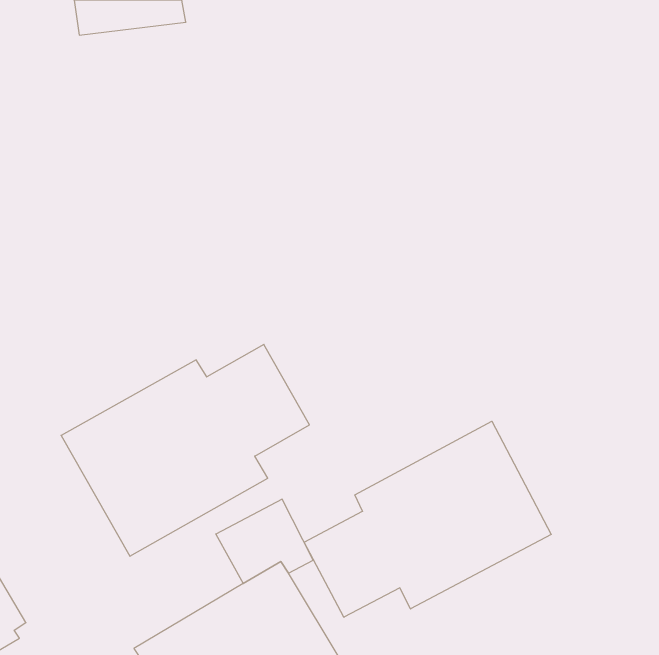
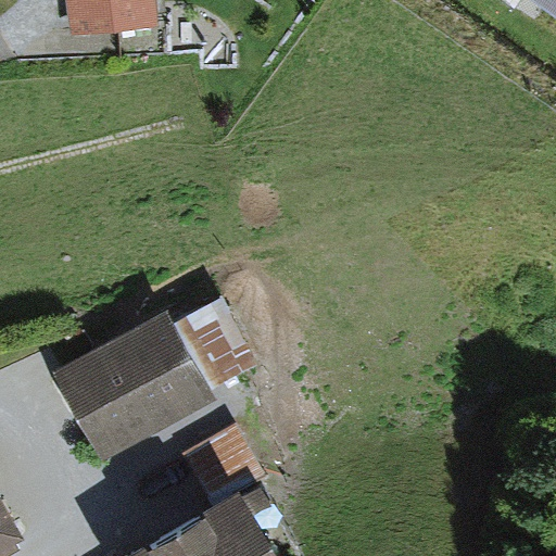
building: [304,421,551,617] -> none

